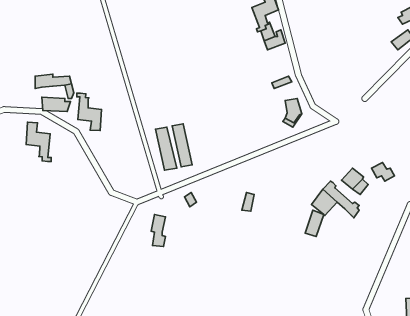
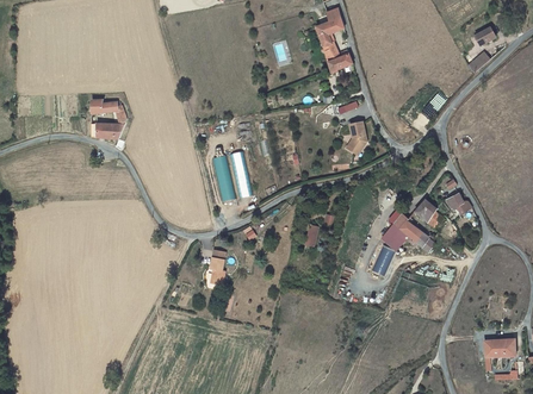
building: [77,93,102,131] -> none
building: [26,122,51,162] -> none

